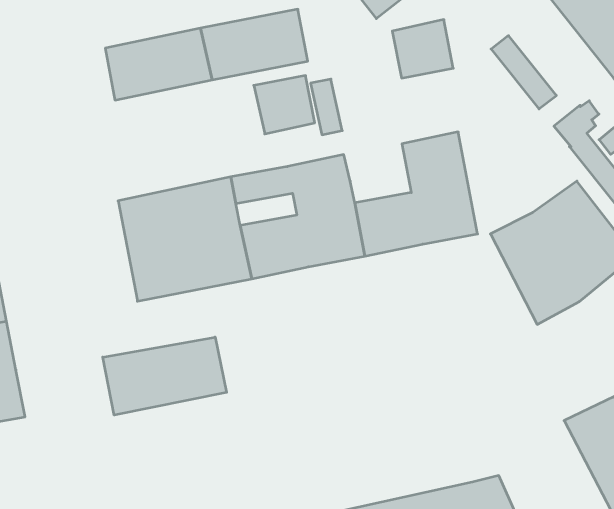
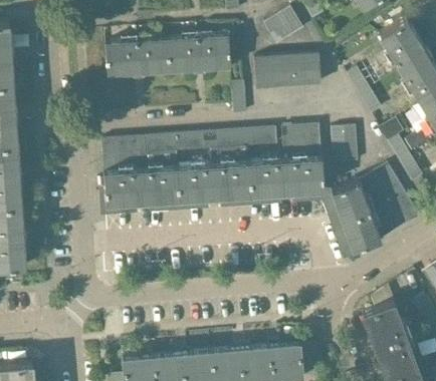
building: [254,76,315,134] -> [252,56,287,89]
building: none -> [331,125,359,163]
building: none -> [245,127,276,146]
building: [103,337,227,415] -> none

